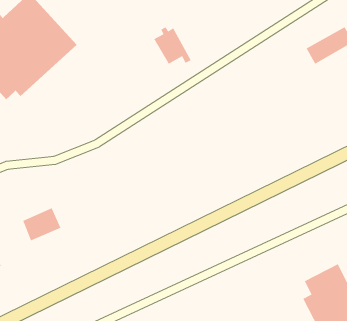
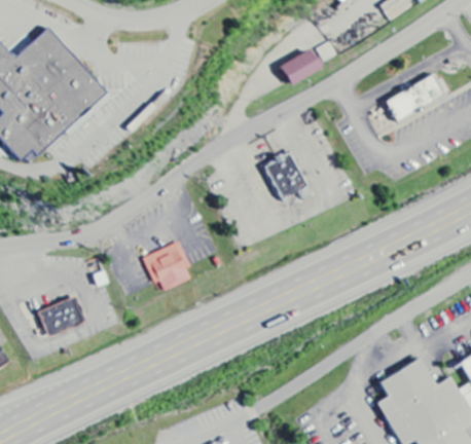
building: none -> [281,52,323,87]
building: [153,26,192,65] -> [262,148,310,195]
building: none -> [145,243,192,294]

